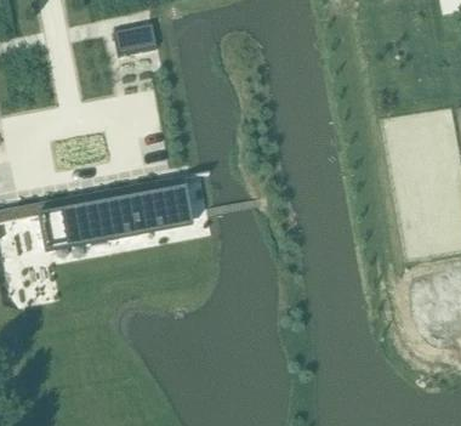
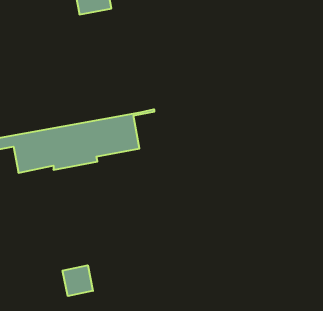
building: none -> [63,265,93,296]

